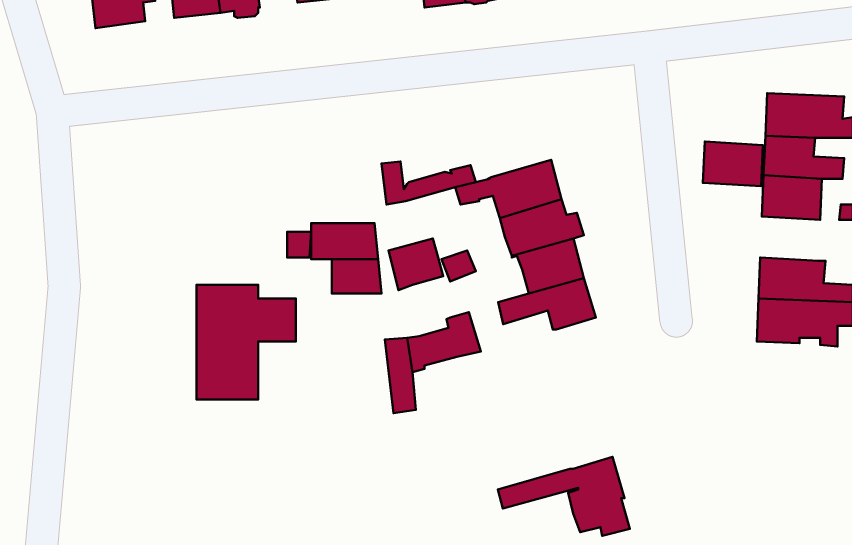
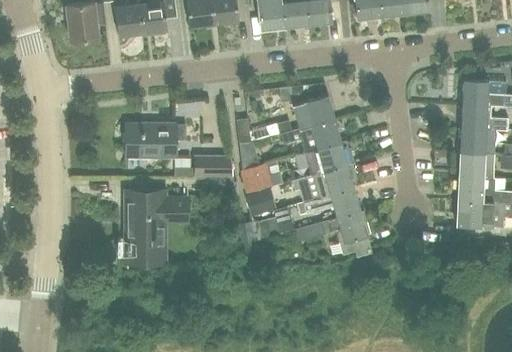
building: none -> [294,96,335,129]
building: [703,142,763,186] -> [457,152,492,178]
building: none -> [128,122,176,158]
building: none -> [245,190,276,218]
building: [498,457,630,536] -> [294,211,371,257]

